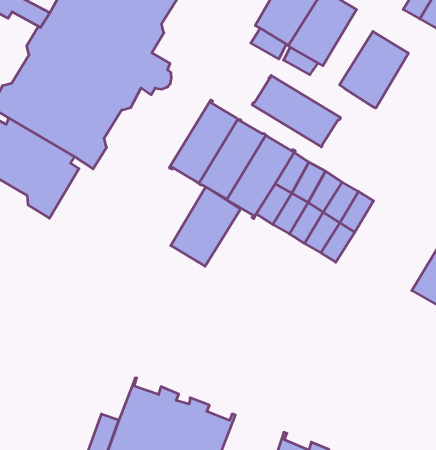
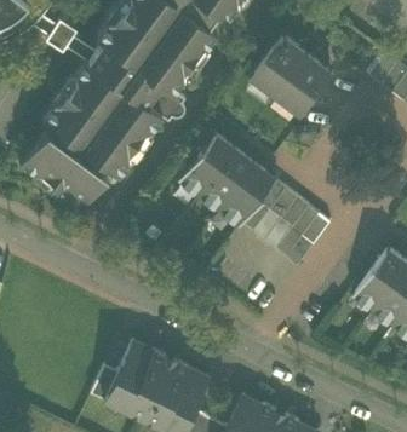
building: [340,31,408,108] -> none
building: [252,75,340,147] -> none
building: [171,187,240,266] -> none

